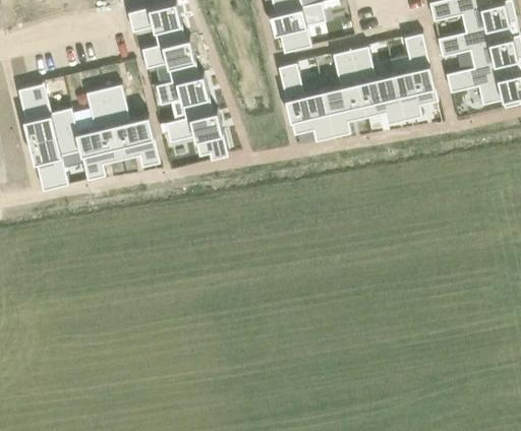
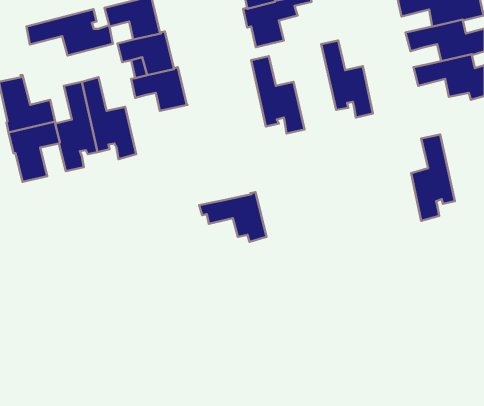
building: none -> [26,9,113,55]
building: [393,34,438,122] -> [411,135,455,221]
building: [322,51,365,138] -> none
building: [159,111,228,162] -> [199,192,266,242]

